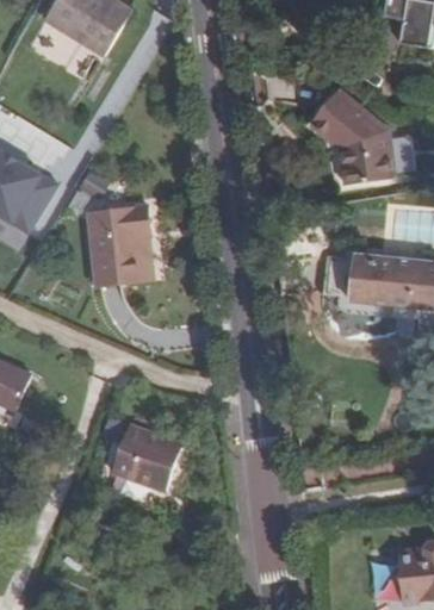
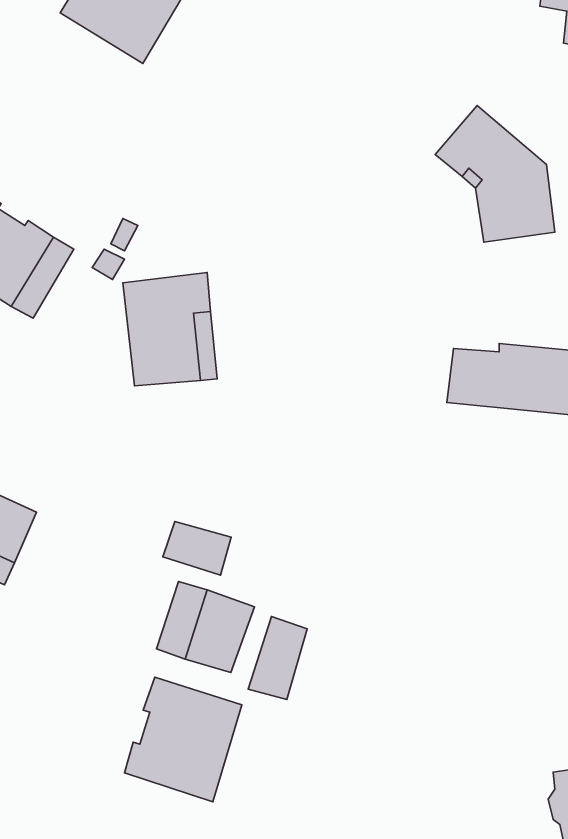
building: none -> [163,521,231,575]
building: none -> [248,616,307,699]
building: none -> [124,677,242,802]

